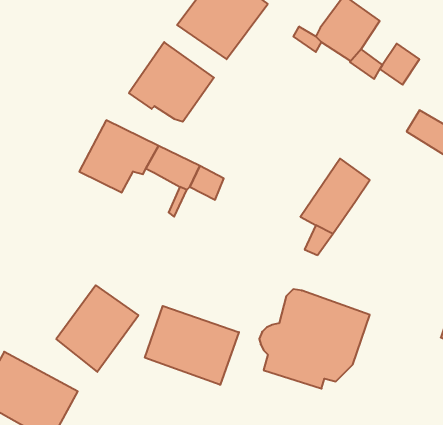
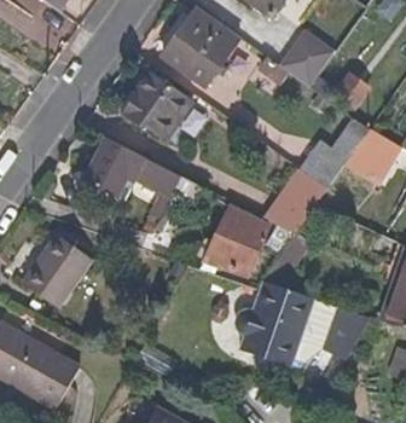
building: none -> [302,118,370,187]
building: none -> [208,209,267,273]
building: [56,285,138,372] -> [21,234,91,308]
building: [145,306,239,385] -> none

